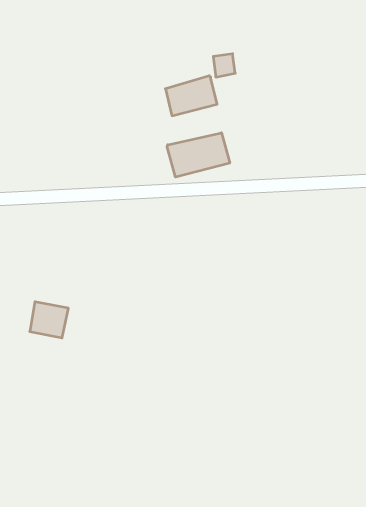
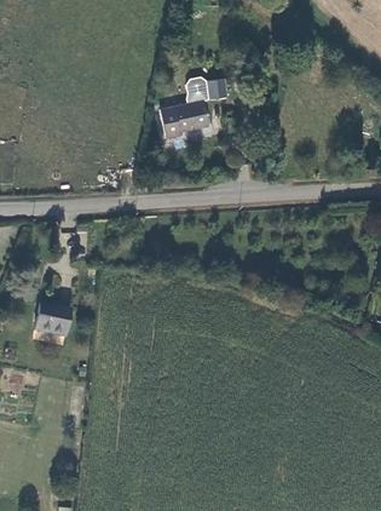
building: [167,133,230,177] -> none

